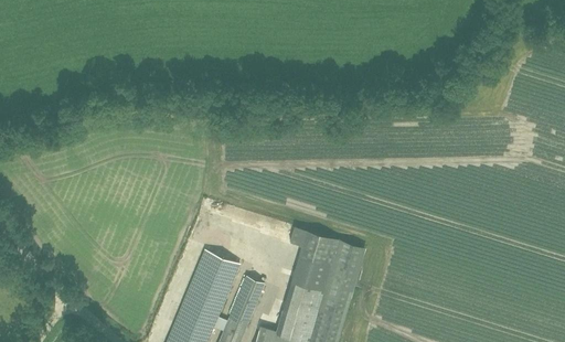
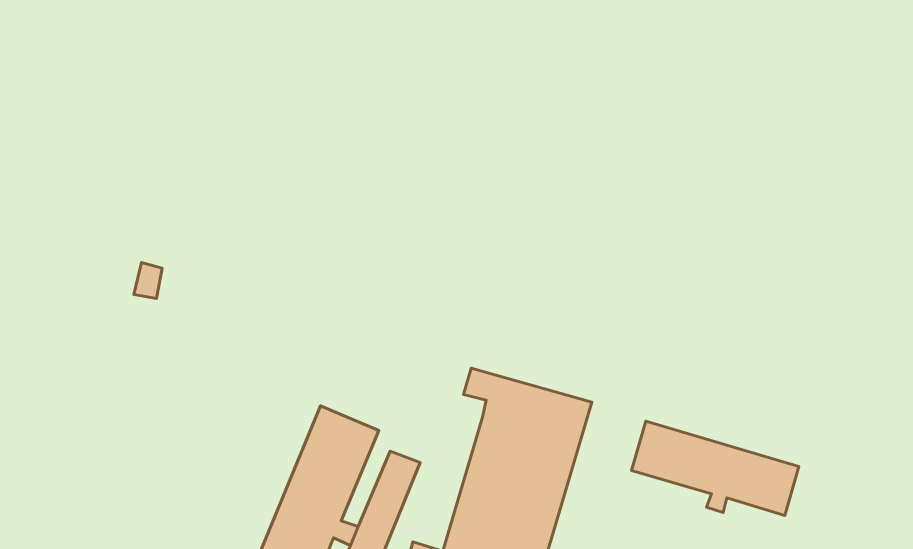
building: none -> [632,421,799,516]

